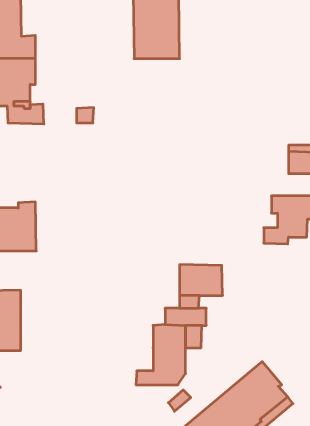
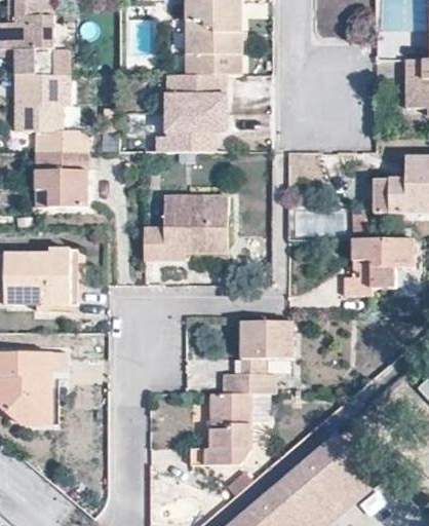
building: none -> [167,74,226,151]
building: none -> [36,151,87,206]
building: none -> [143,194,228,259]

